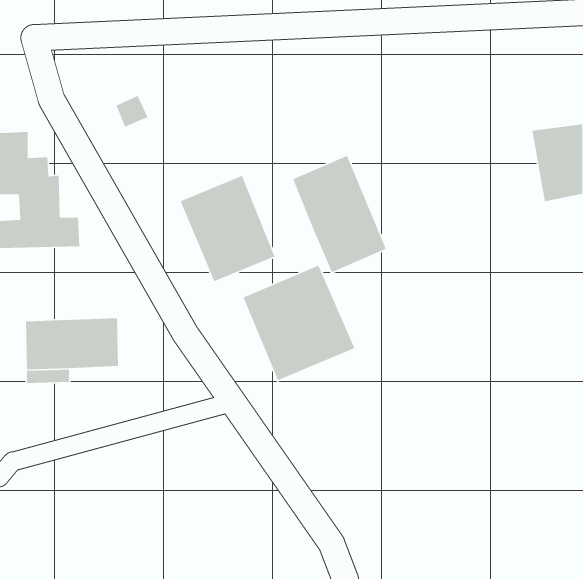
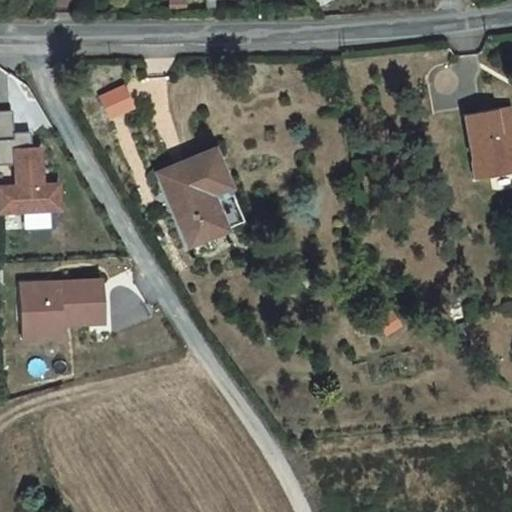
building: [292,155,387,273] -> none
building: [243,265,356,381] -> none

